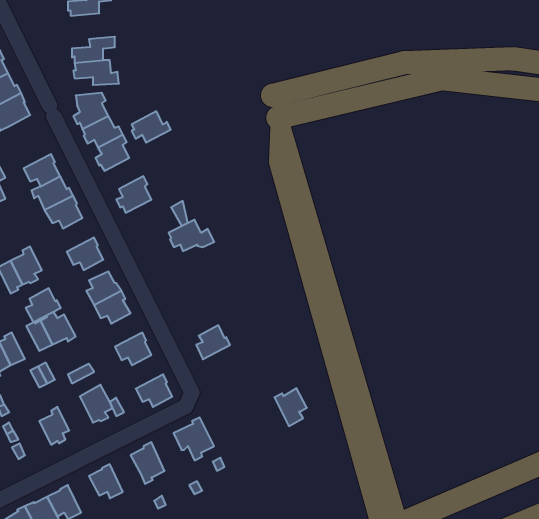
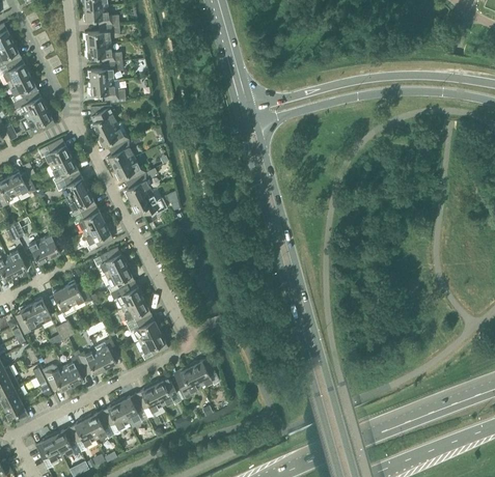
building: none -> [85,43,121,63]
building: [132,111,171,143] -> [113,158,144,183]
building: none -> [44,139,71,166]
building: [169,220,214,251] -> [130,191,166,216]
building: [26,288,61,322] -> [77,205,105,232]
building: none -> [110,281,143,308]
building: [196,325,230,359] -> [133,314,160,341]
building: [274,388,307,426] -> [189,357,215,387]
building: none -> [76,349,104,375]
building: none -> [42,365,71,392]
building: none -> [150,376,175,406]
building: none -> [117,394,142,423]
building: none -> [84,411,113,440]

